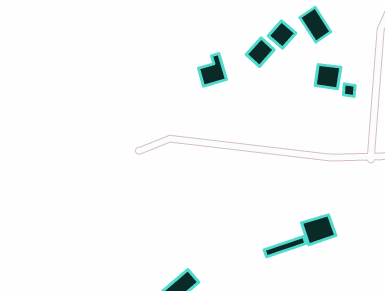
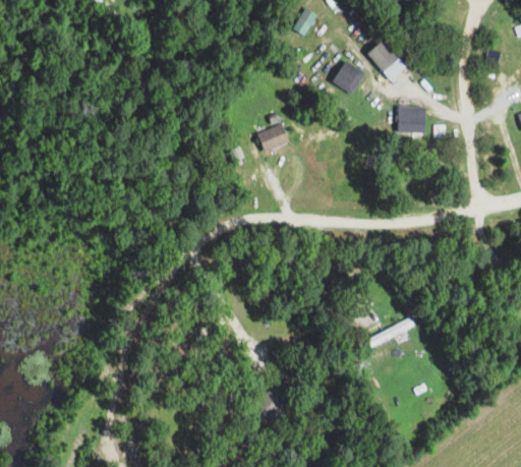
building: [246,38,274,67] -> none
building: [302,215,336,245] -> none

